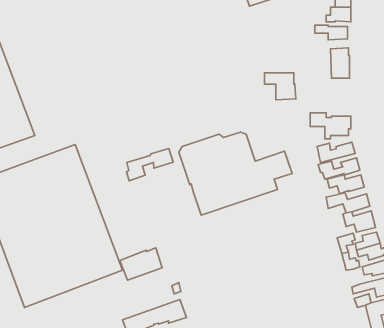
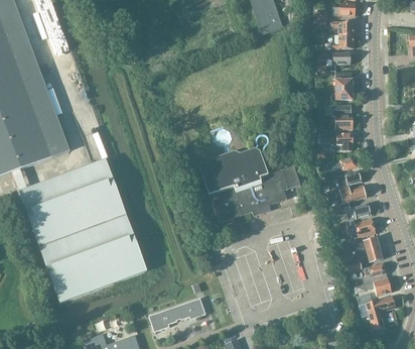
building: [264,73,296,100] -> [324,105,353,129]
building: [127,148,173,181] -> none
building: [120,248,162,280] -> none

